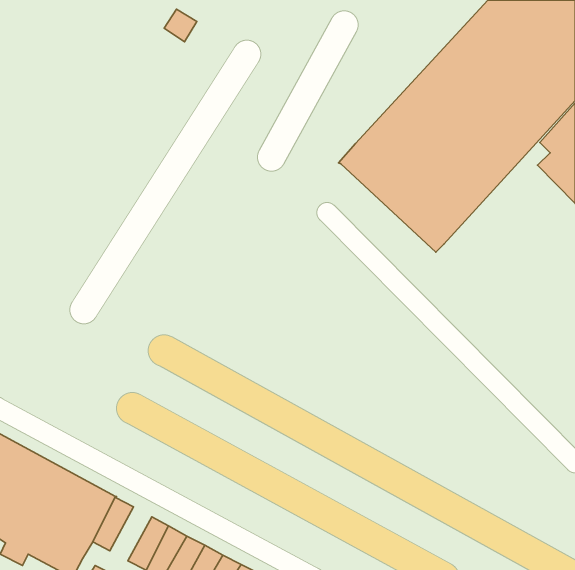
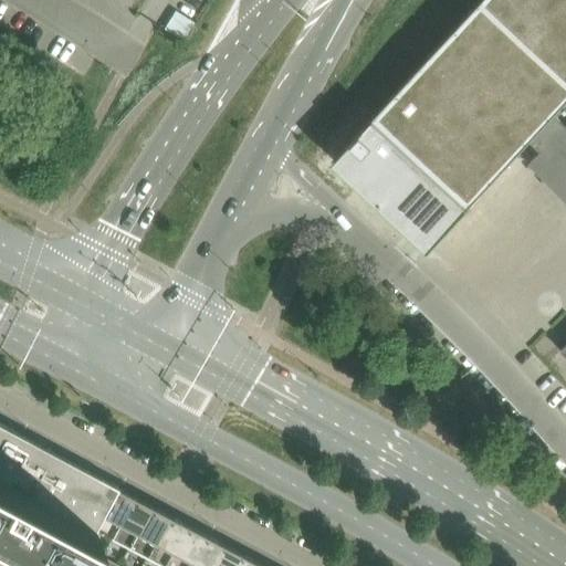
building: none -> [107,503,148,556]

